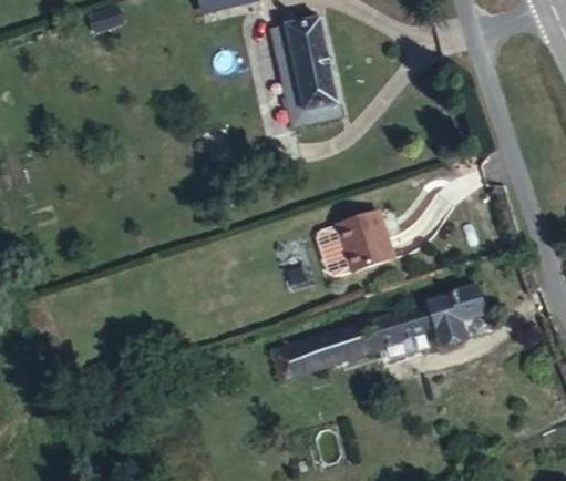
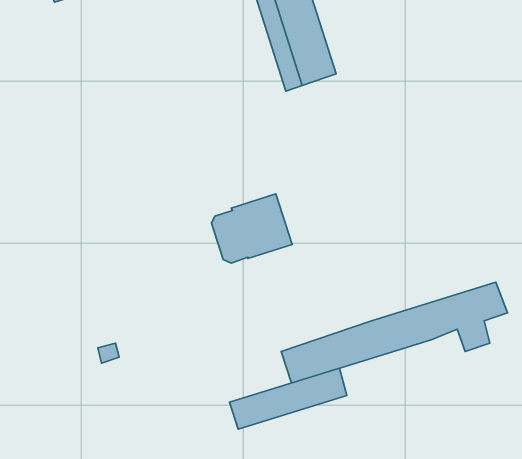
building: [308,211,384,276] -> [211,194,292,263]
building: none -> [230,368,347,429]

